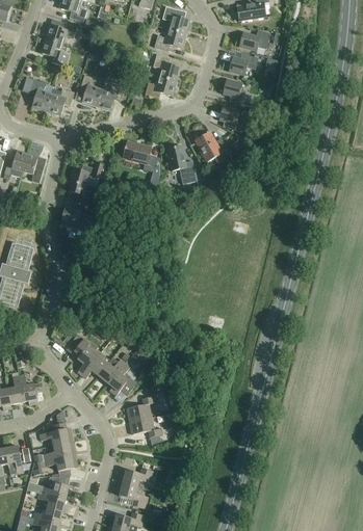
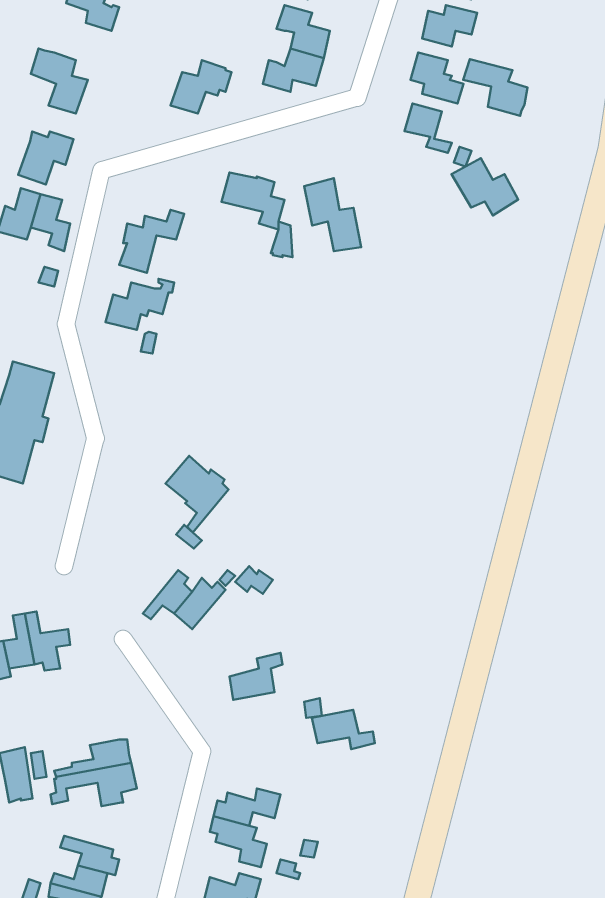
building: [80,74,102,106] -> none
building: none -> [463,59,528,116]
building: [46,87,75,115] -> [18,131,73,185]
building: [196,133,231,163] -> [451,158,518,215]
building: [67,334,100,374] -> [165,456,228,533]
building: [107,362,137,400] -> none
building: [129,416,162,436] -> [312,710,375,749]
building: [40,423,73,444] -> none
building: [27,474,70,499] -> none

